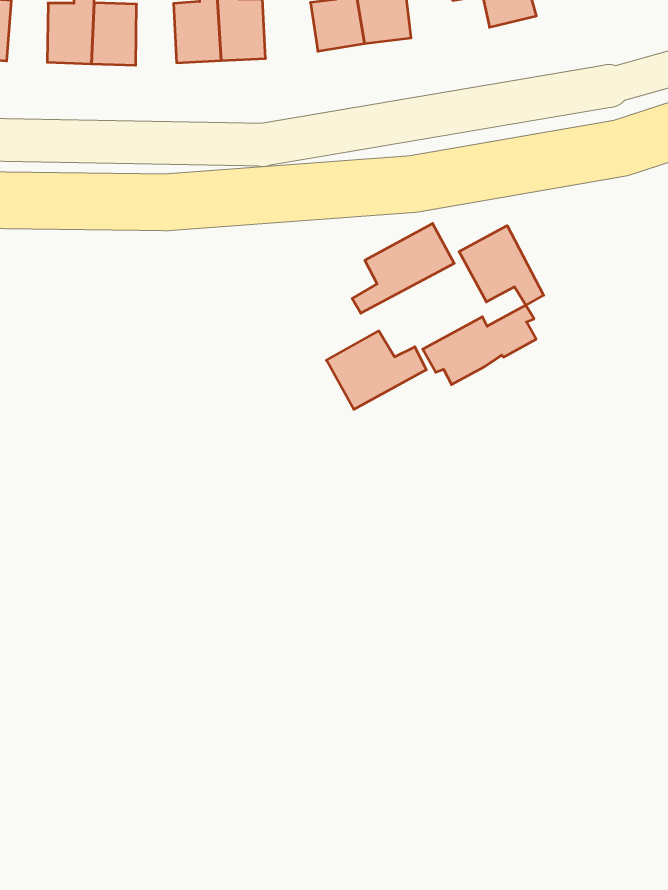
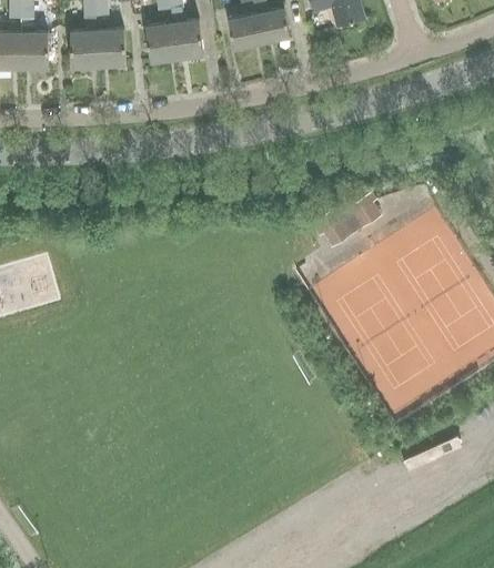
building: [352,223,454,313] -> none
building: [459,226,544,305] -> none
building: [326,331,426,409] -> none

